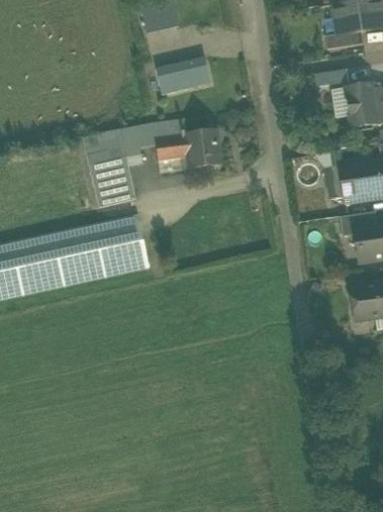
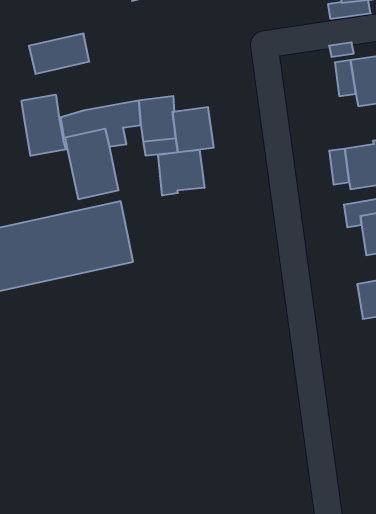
building: [157,58,211,94] -> [29,34,89,74]
building: none -> [22,95,66,156]
building: none -> [158,150,204,196]

